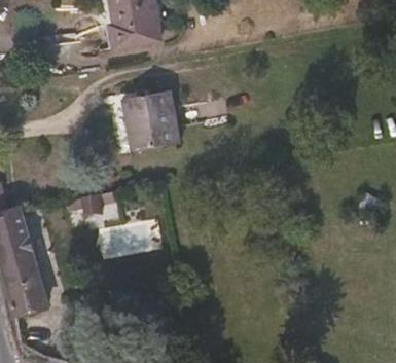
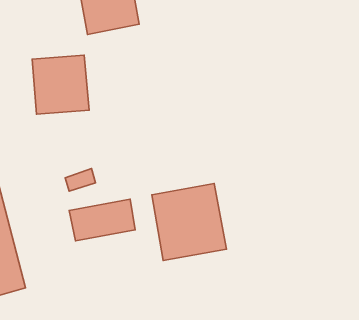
building: [121,90,179,150] -> [32,55,89,114]
building: none -> [152,184,226,261]

